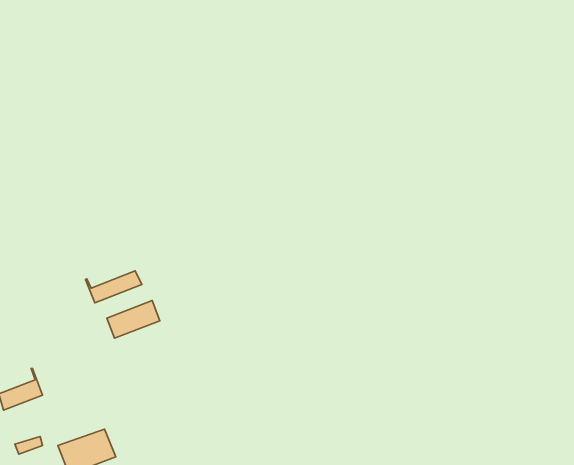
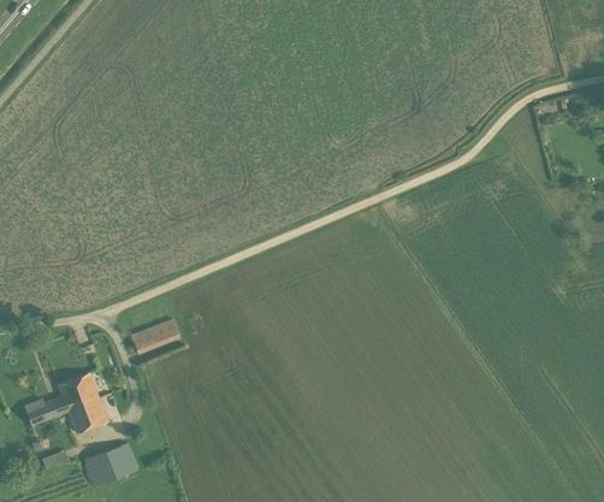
building: [86,271,142,303] -> none
building: none -> [59,373,106,432]

